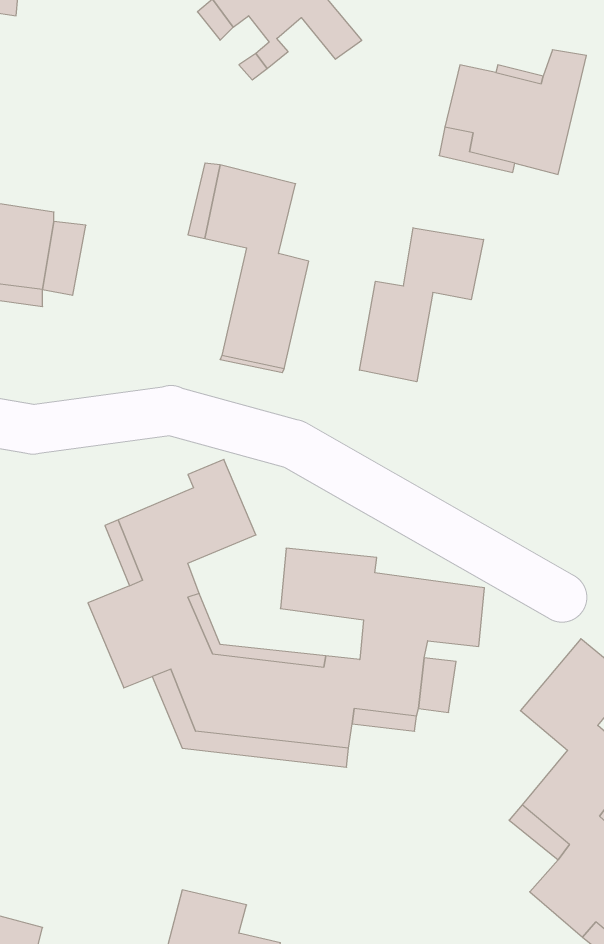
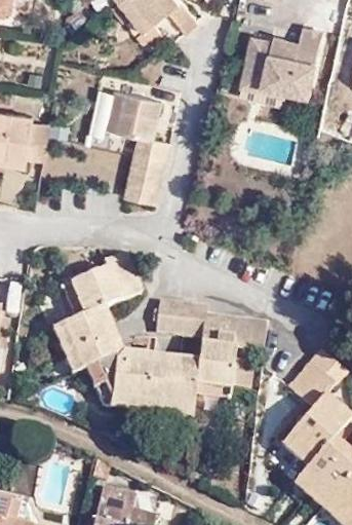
building: [359,228,484,382] -> none

